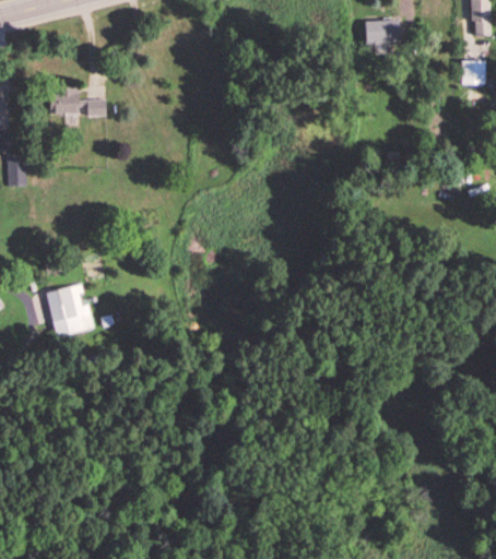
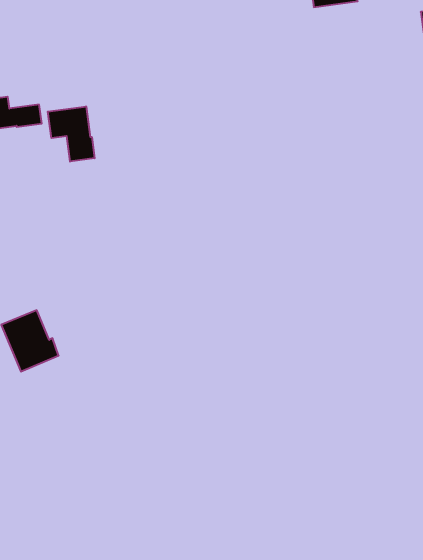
building: none -> [48,106,95,162]

